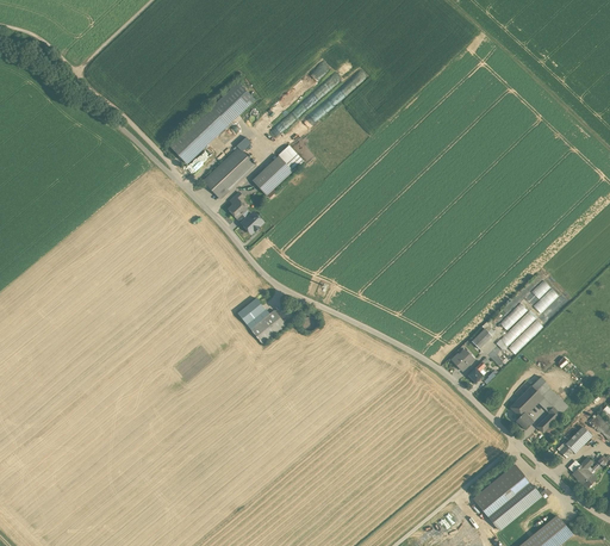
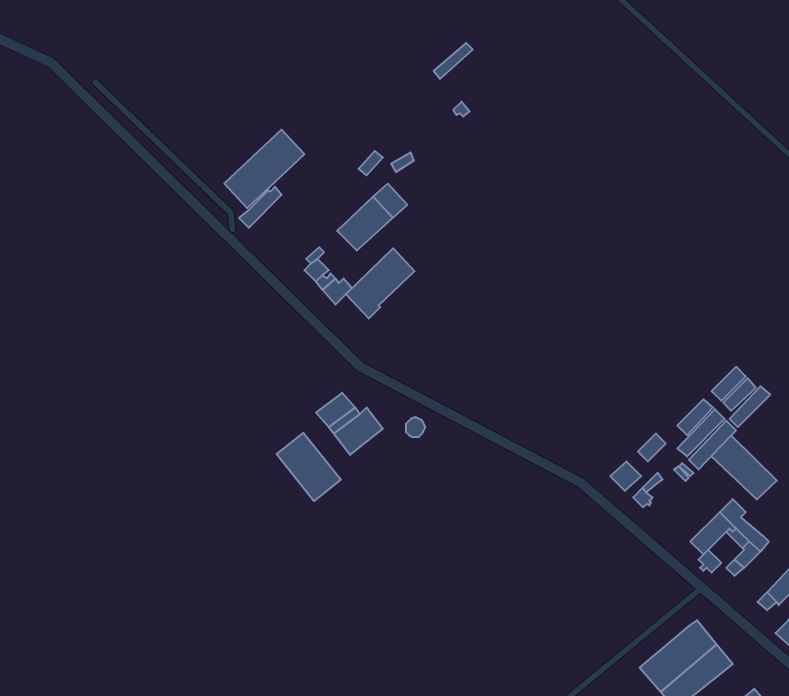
building: [211,81,254,124] -> none
building: [203,147,253,198] -> [346,248,415,319]
building: none -> [277,433,341,501]
building: none -> [711,436,777,499]

